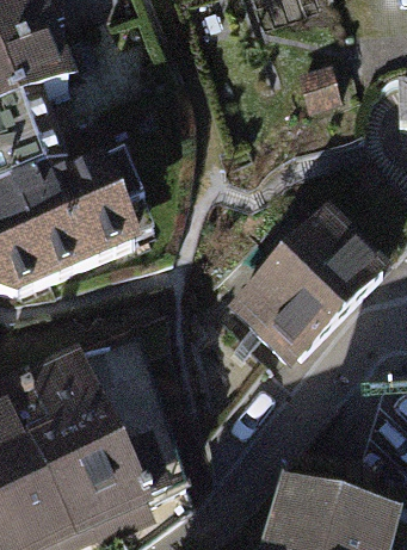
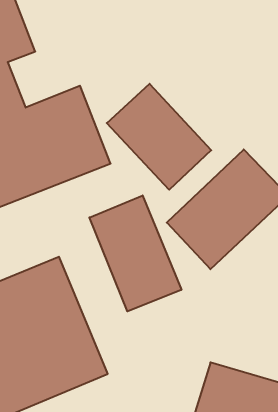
building: none -> [107,84,211,190]
building: none -> [89,195,181,311]

